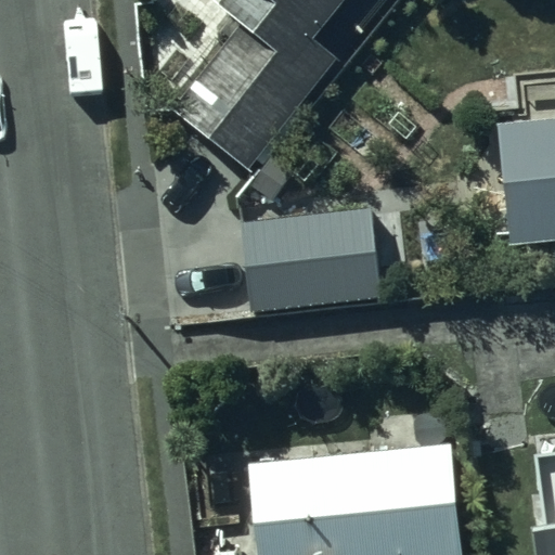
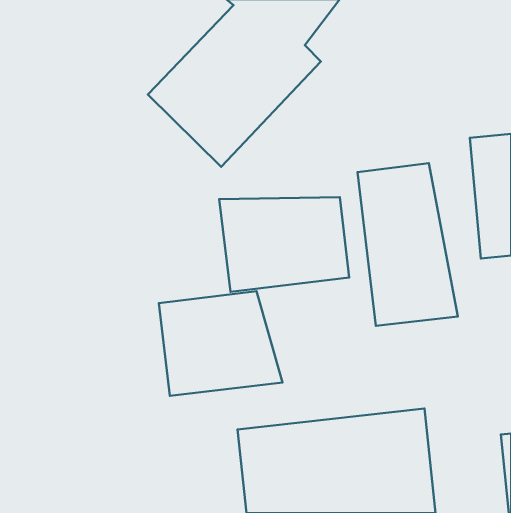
building: none -> [358,163,458,326]
building: none -> [159,291,282,396]

